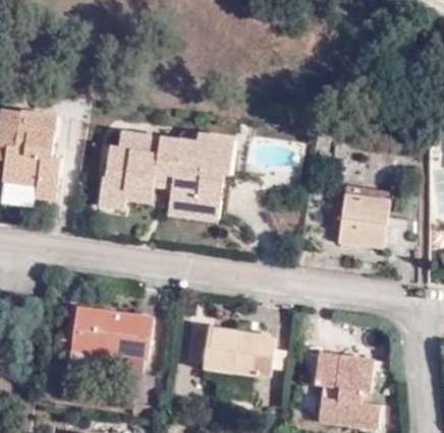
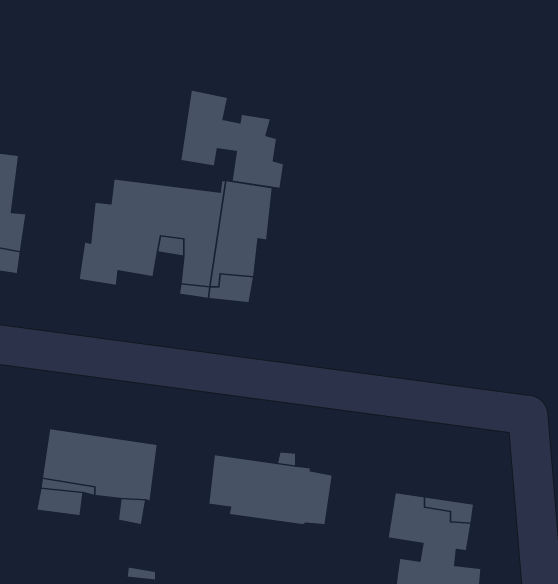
building: none -> [181,90,284,188]
building: [338,195,389,247] -> none

